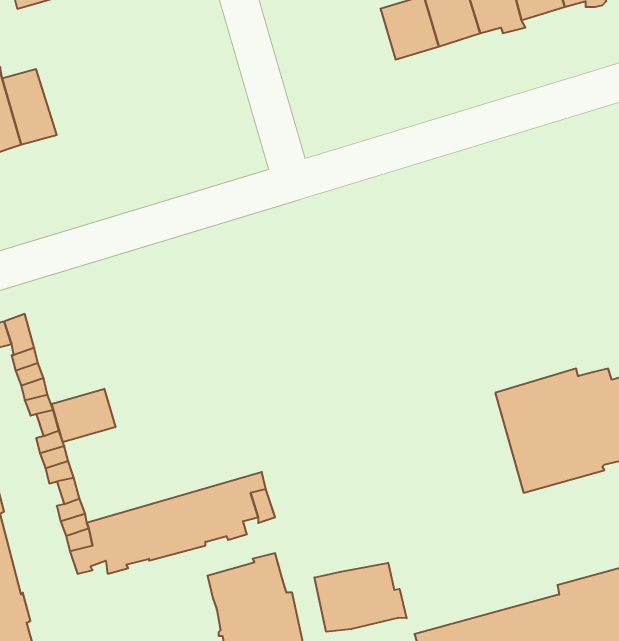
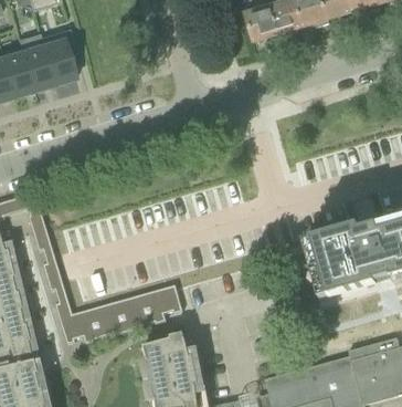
building: none -> [40,30,80,86]
building: [52,389,115,442] -> none
building: [314,563,407,632] -> none

